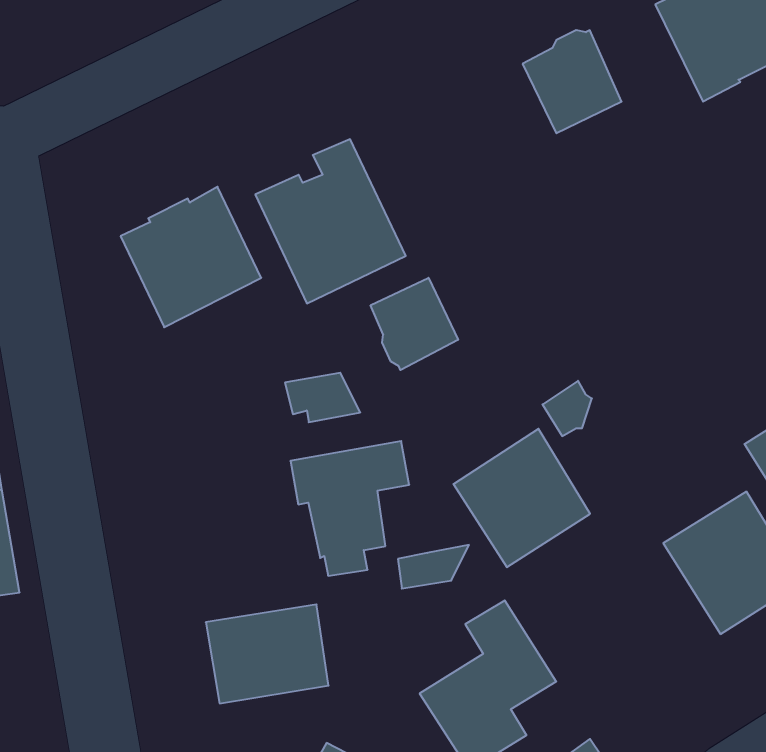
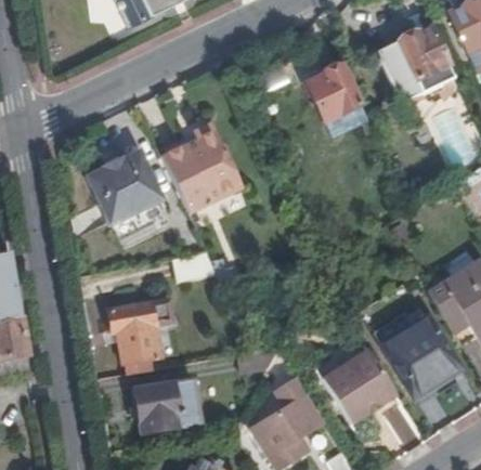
building: [371,278,458,370] -> none
building: [453,429,590,567] -> [322,349,396,425]
building: [290,441,409,576] -> [108,299,173,373]

